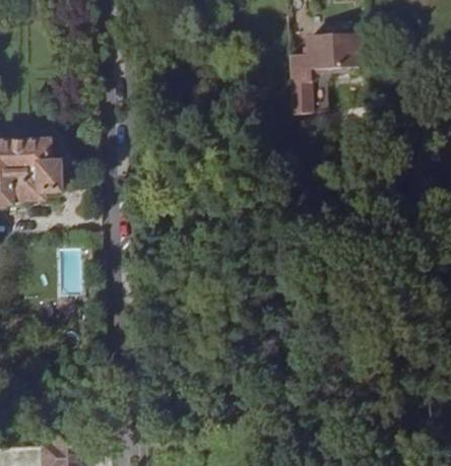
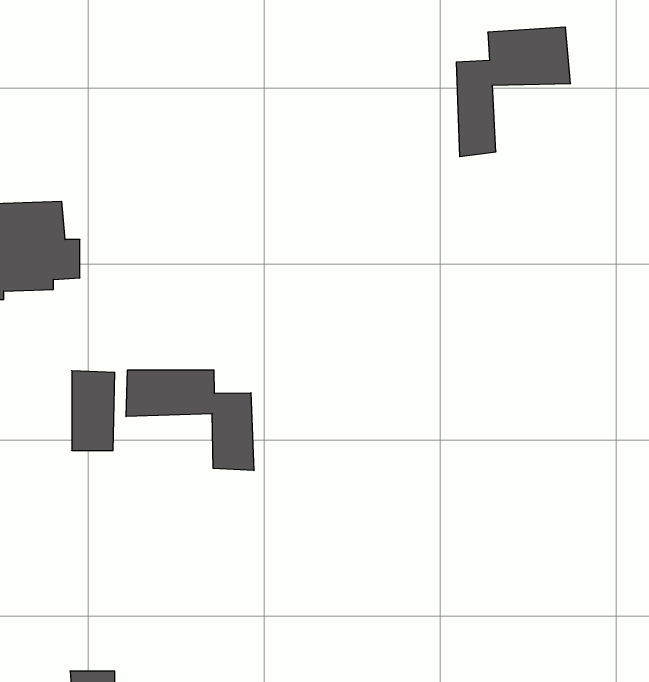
building: none -> [126,370,254,471]

